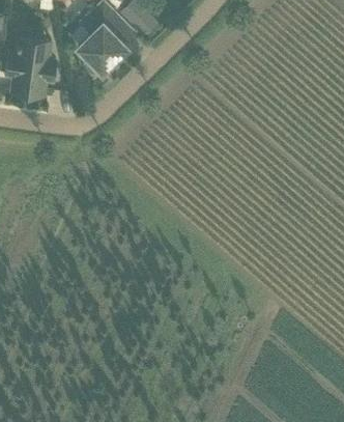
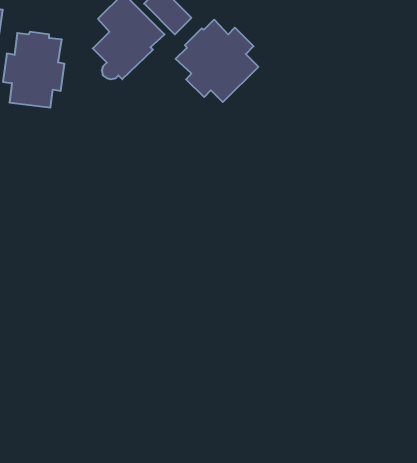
building: none -> [176,20,258,102]

